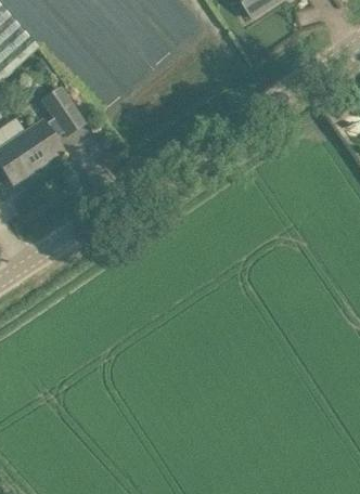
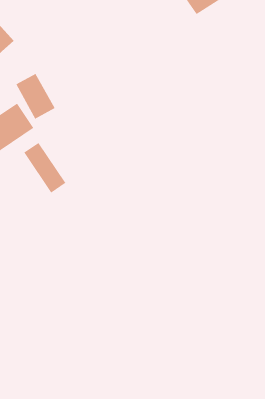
building: none -> [24,142,66,193]

